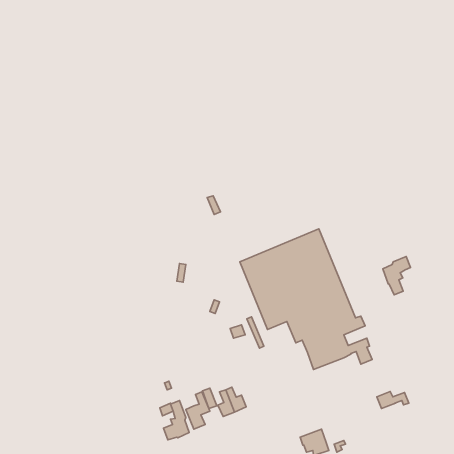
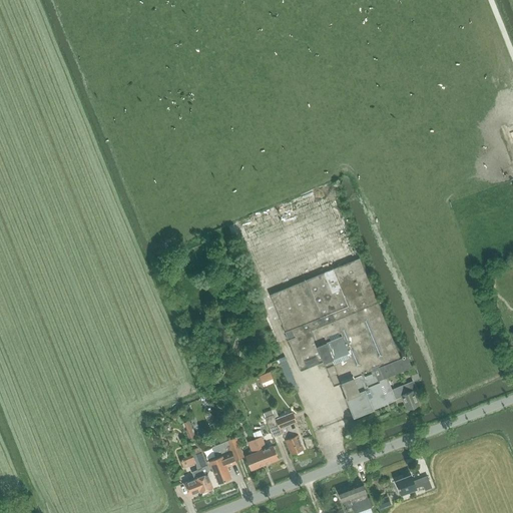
building: [383,256,411,295] -> none
building: none -> [264,411,304,455]
building: [377,392,409,408] -> [396,476,432,495]

